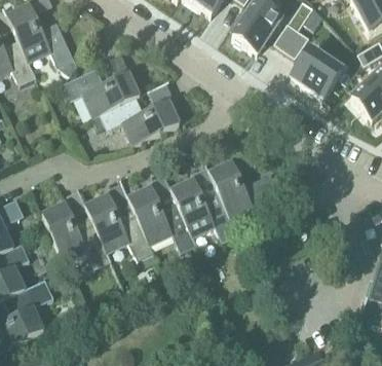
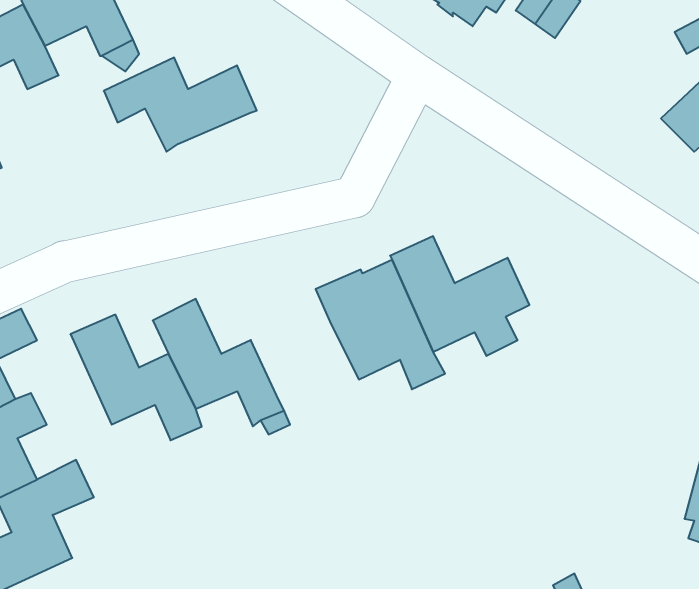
building: [296,48,343,98] -> none
building: [100,95,181,144] -> none
building: [129,185,198,251] -> none

